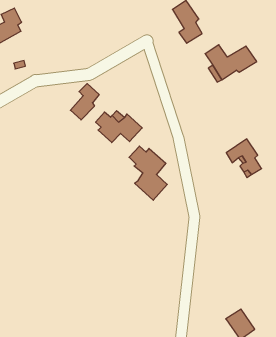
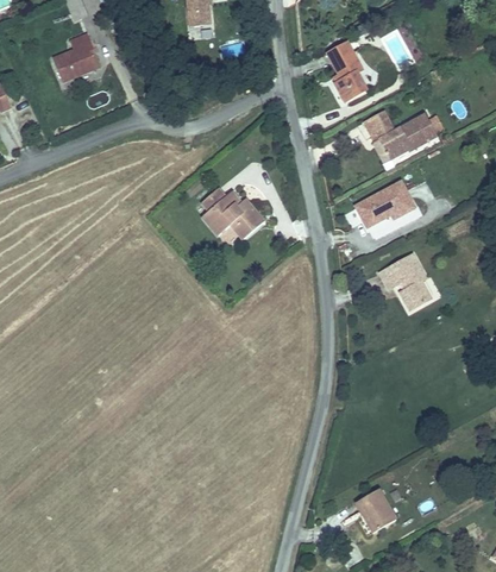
building: [70,84,99,120] -> none
building: none -> [356,184,413,227]
building: [129,146,167,200] -> none

